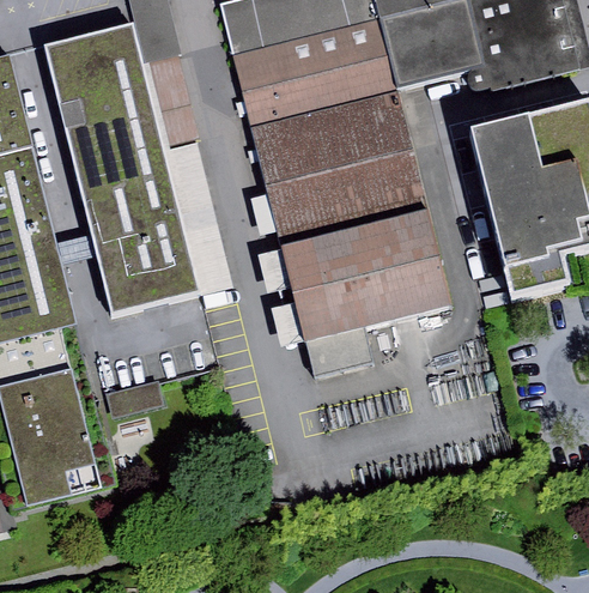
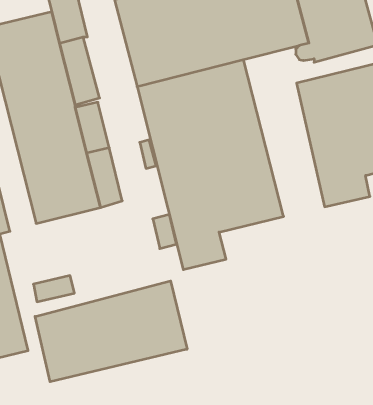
building: none -> [35,281,187,382]

